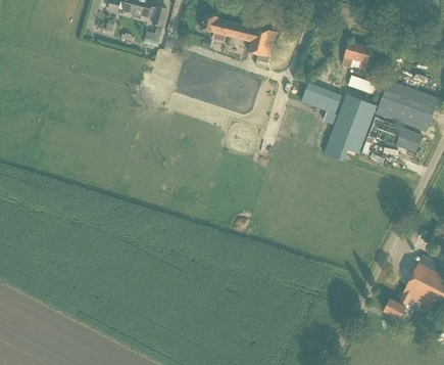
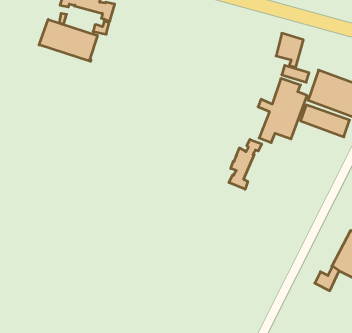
building: [201,13,277,56] -> none
building: none -> [39,19,97,61]
building: [303,82,343,115] -> none
building: none -> [229,139,262,189]

